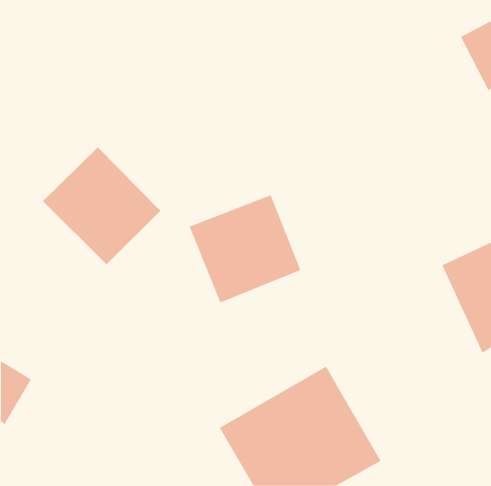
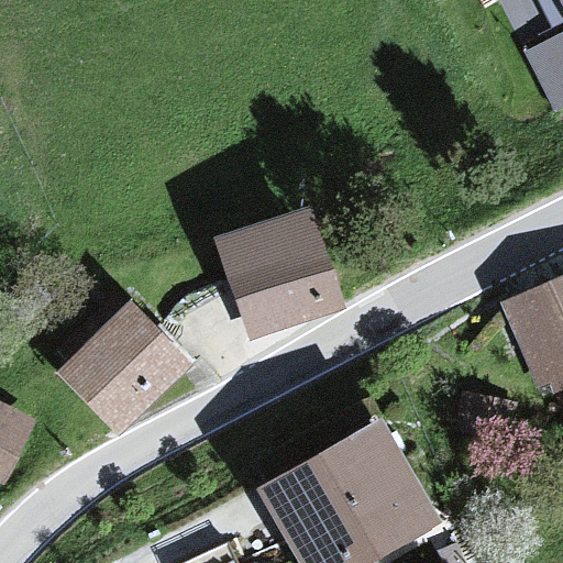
building: [42,147,161,265] -> none
building: none -> [57,301,191,435]

